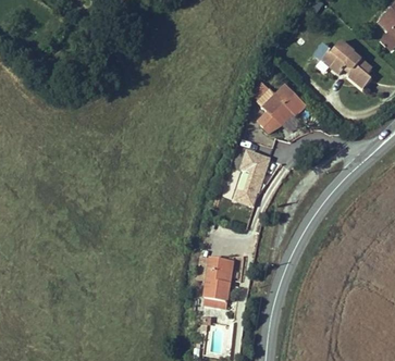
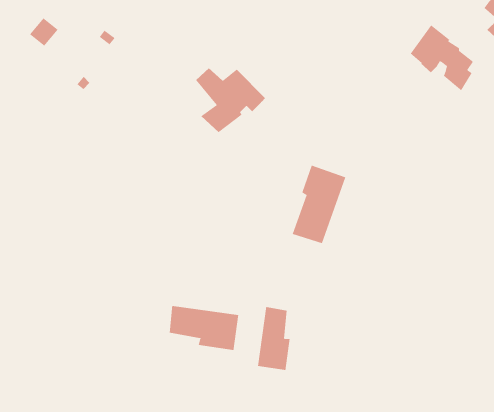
building: [250,82,306,133] -> [195,68,266,133]
building: none -> [169,305,239,351]

